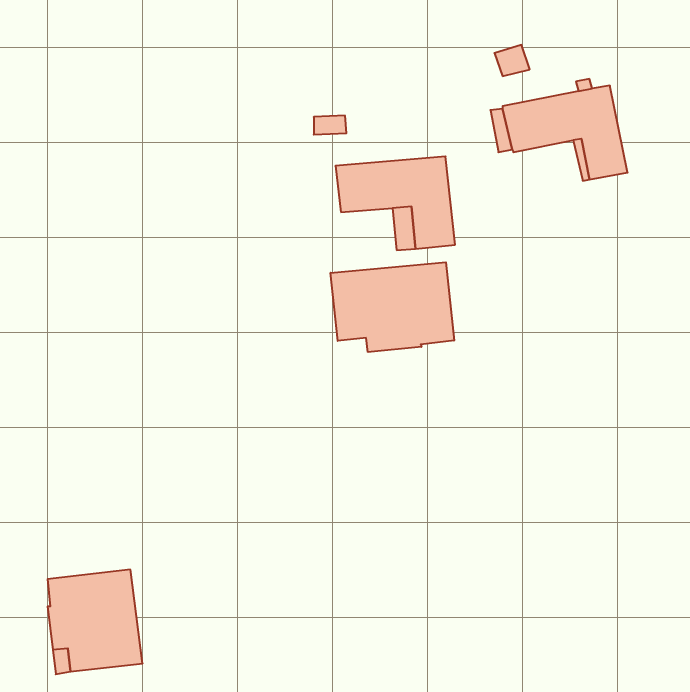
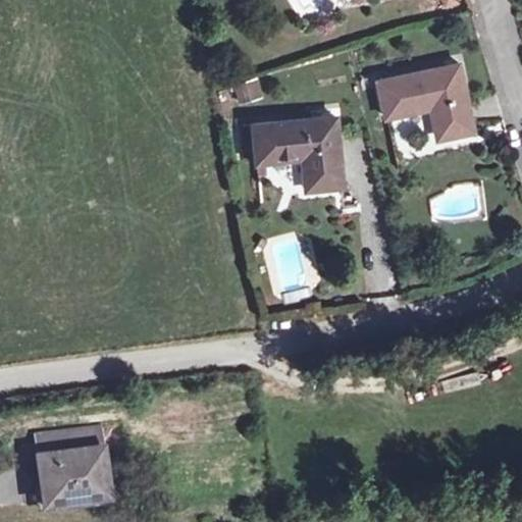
building: [331,262,454,352] -> none

